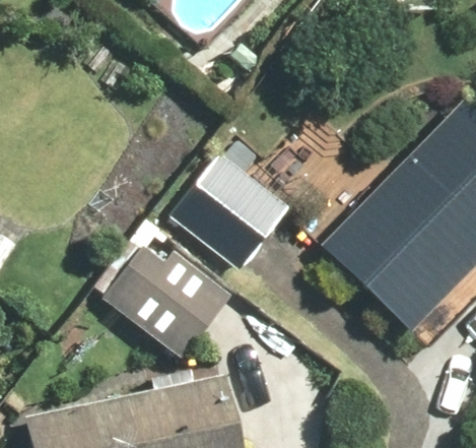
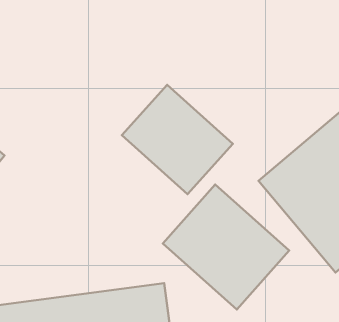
building: [103,245,232,360] -> none
building: none -> [163,185,289,310]

